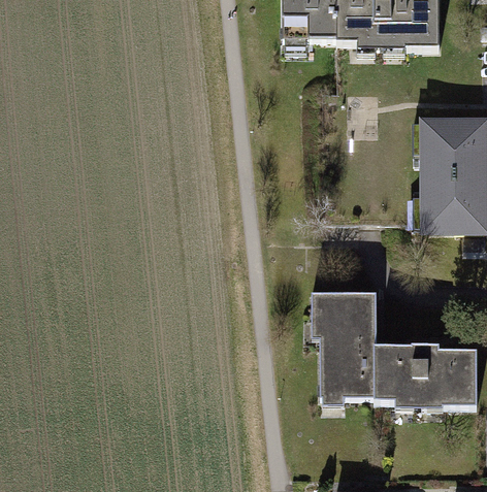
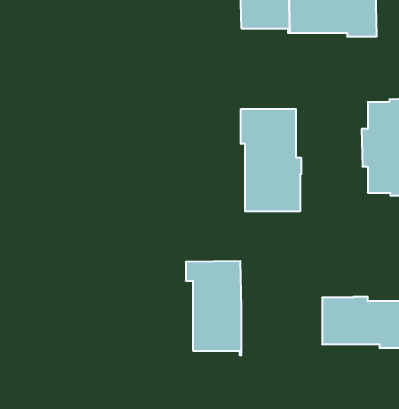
building: none -> [241,109,301,211]
building: [313,292,377,400] -> [186,261,241,355]

